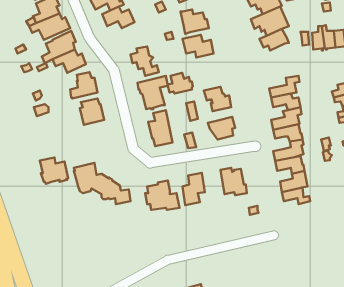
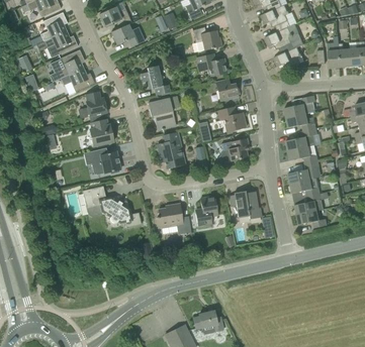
building: [168,73,193,93] -> [212,79,239,100]
building: [40,158,68,184] -> [90,147,119,175]

